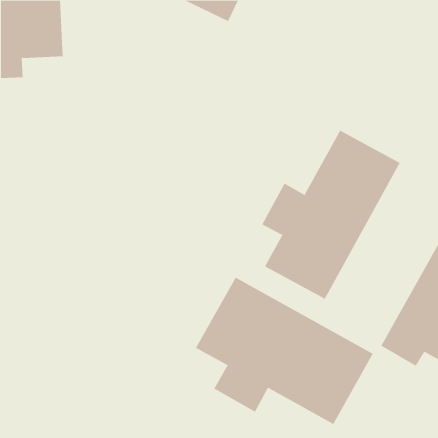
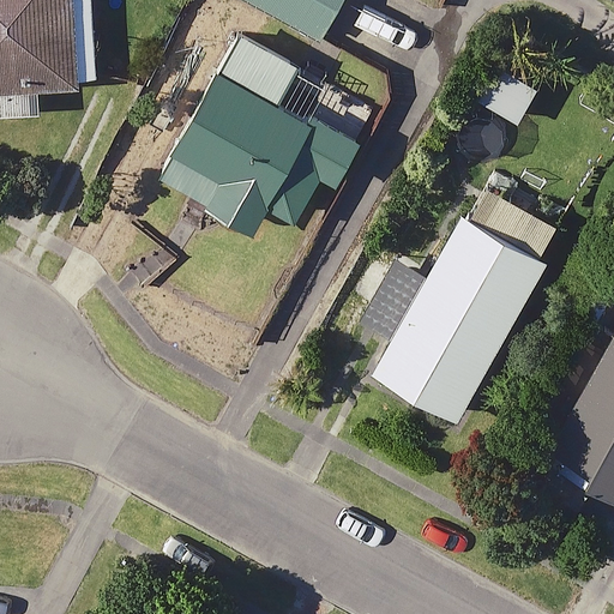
building: none -> [149,35,362,235]
building: [195,277,374,425] -> none

